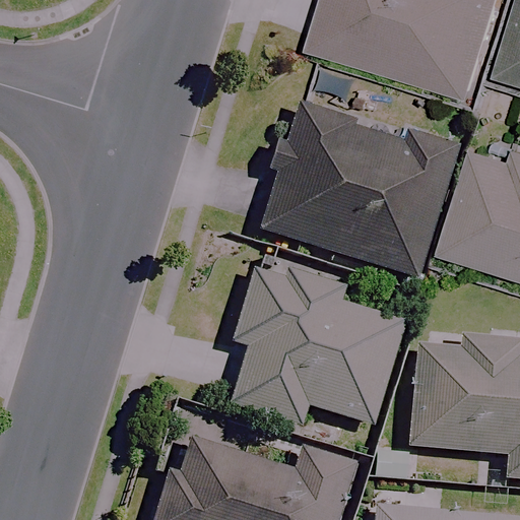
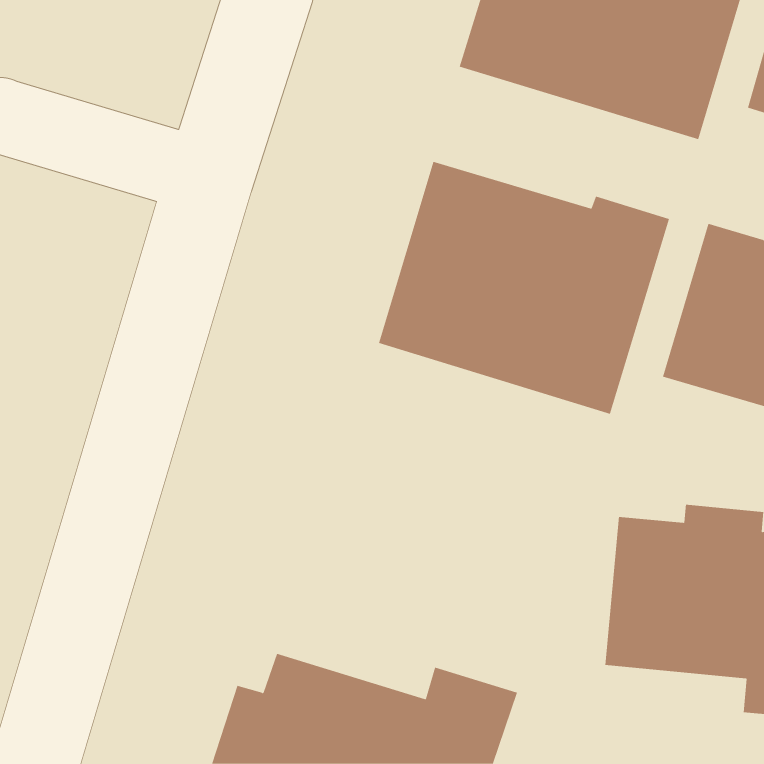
building: [229,263,404,425] -> none

